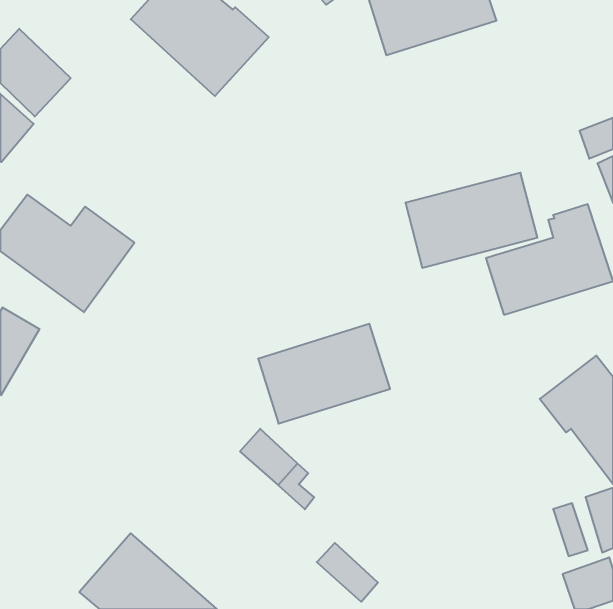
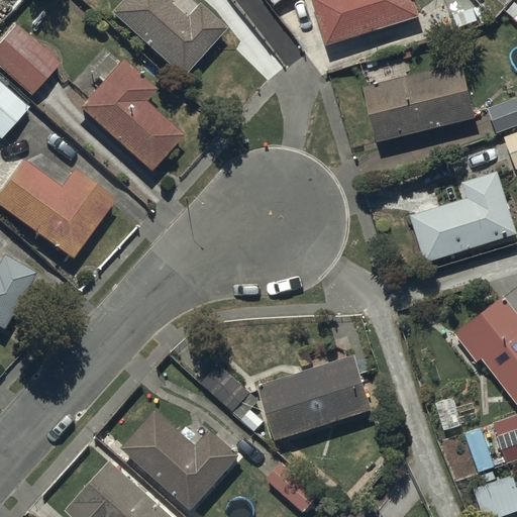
building: none -> [80,58,183,175]
building: [405,173,537,268] -> [364,65,475,144]
building: [258,324,390,424] -> [261,343,372,427]
building: none -> [121,397,239,498]

